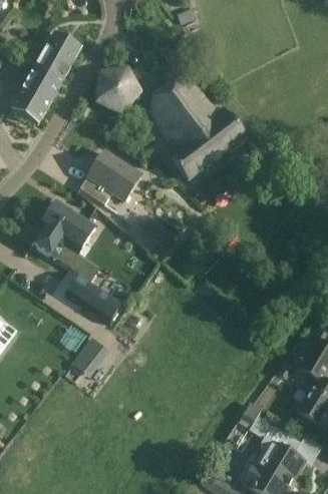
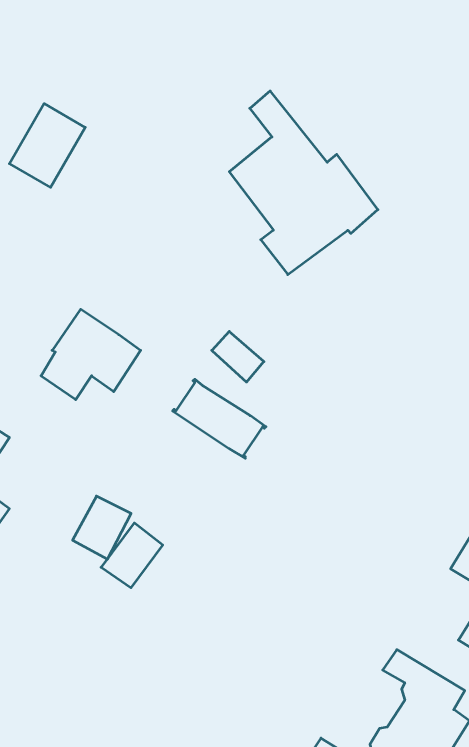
building: [33,30,81,84] -> none
building: [97,63,151,114] -> none
building: [79,148,139,201] -> none
building: [63,272,122,322] -> [173,379,266,458]

